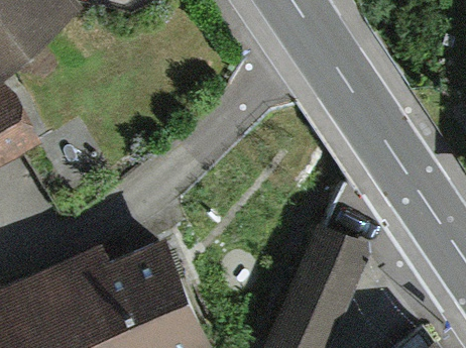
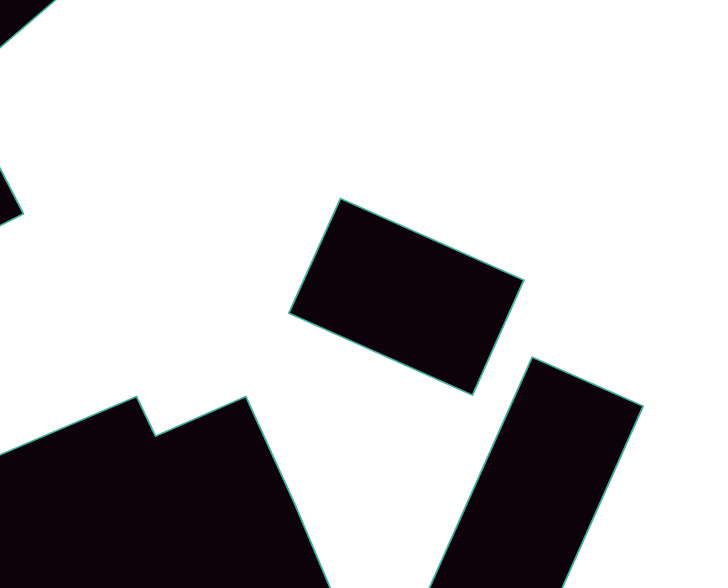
building: none -> [289,198,524,395]

